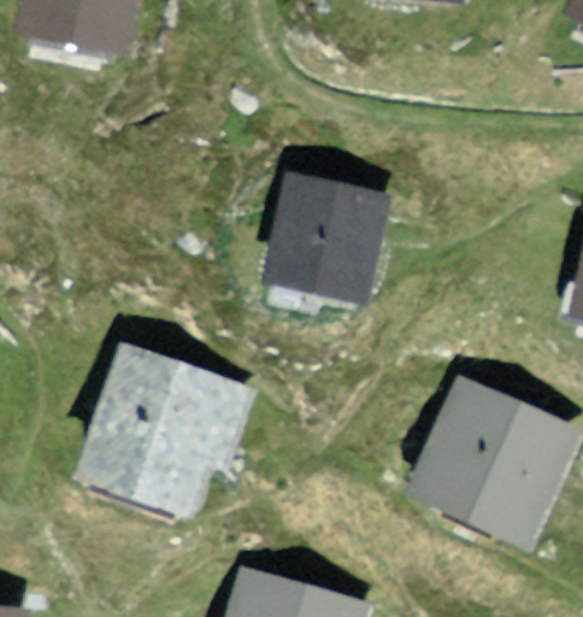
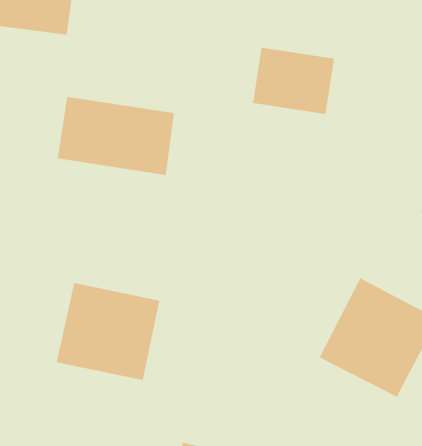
building: none -> [57,96,175,176]
building: [270,192,379,283] -> [252,47,335,114]

